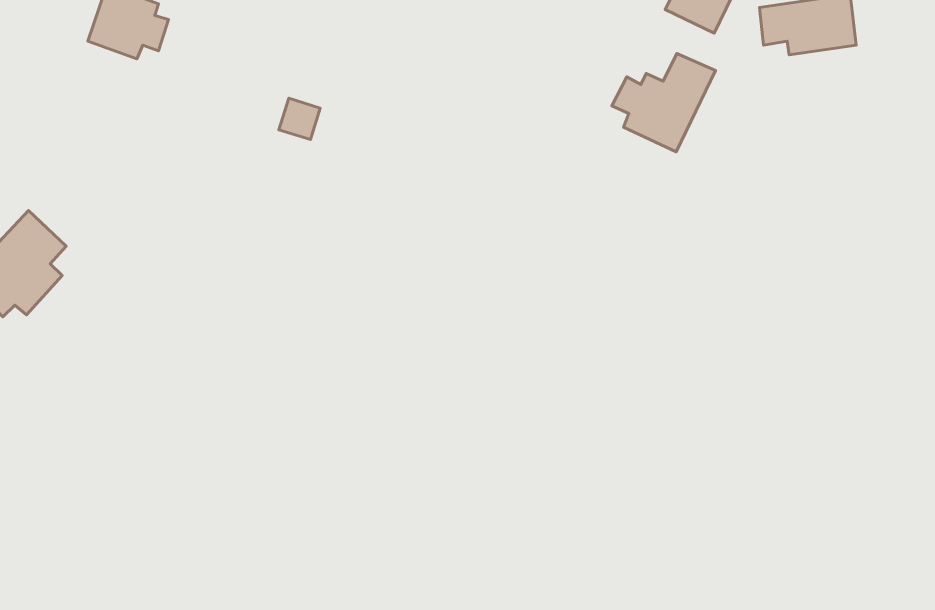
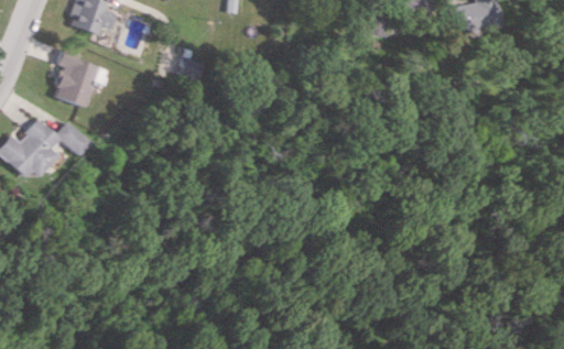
building: [612,54,715,152] -> none
building: none -> [53,53,106,107]
building: none -> [53,121,87,155]

